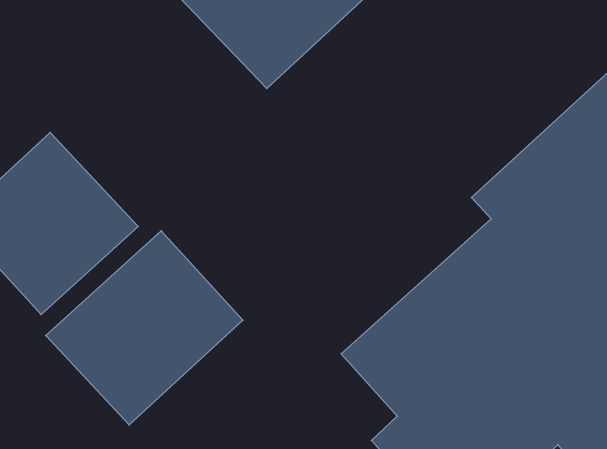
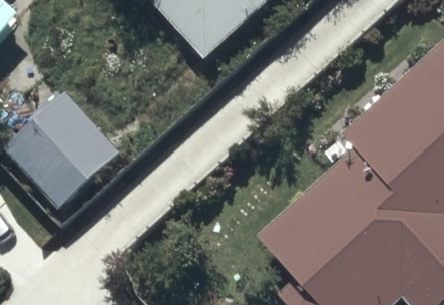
building: [46,231,243,425] -> none

